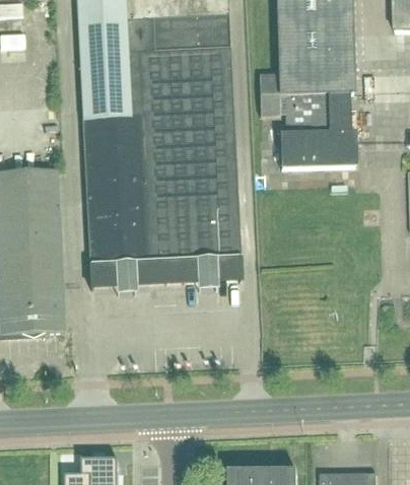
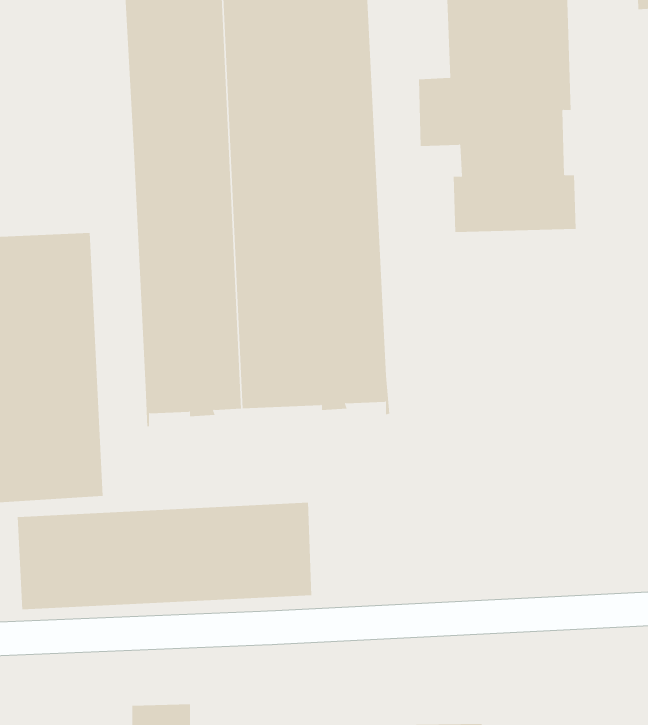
building: none -> [17,502,312,610]

